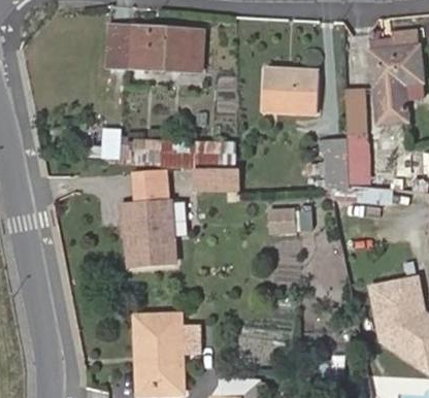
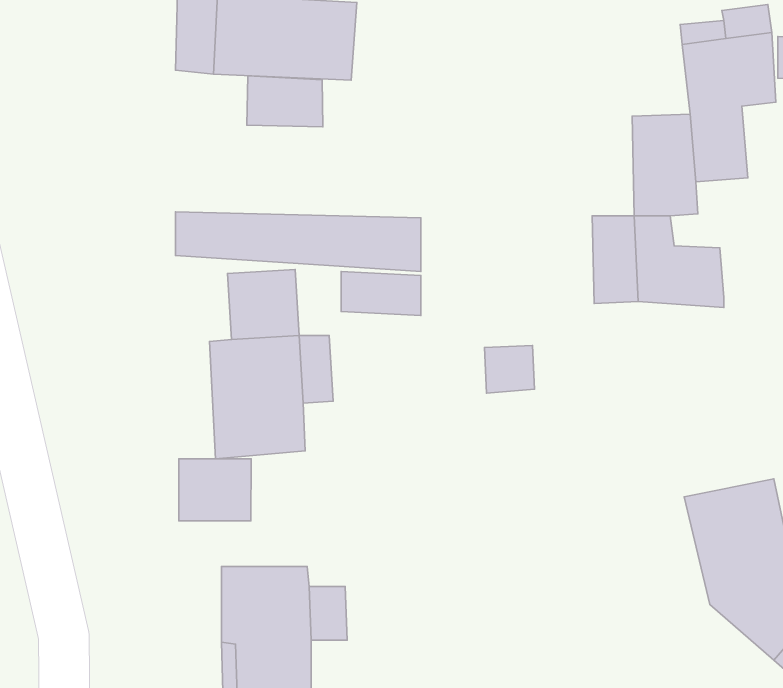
building: none -> [247,76,323,127]
building: [262,68,317,112] -> none
building: none -> [179,459,251,521]

